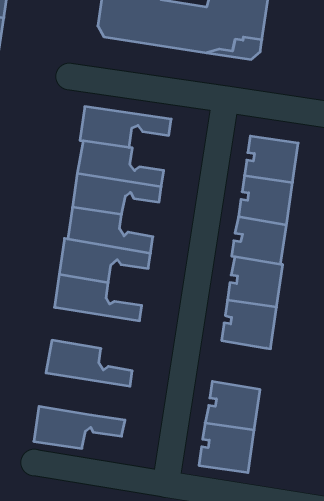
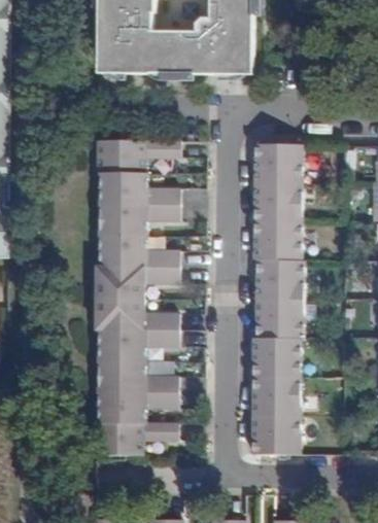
building: none -> [99,327,177,359]
building: none -> [252,336,298,376]
building: none -> [98,389,177,422]

